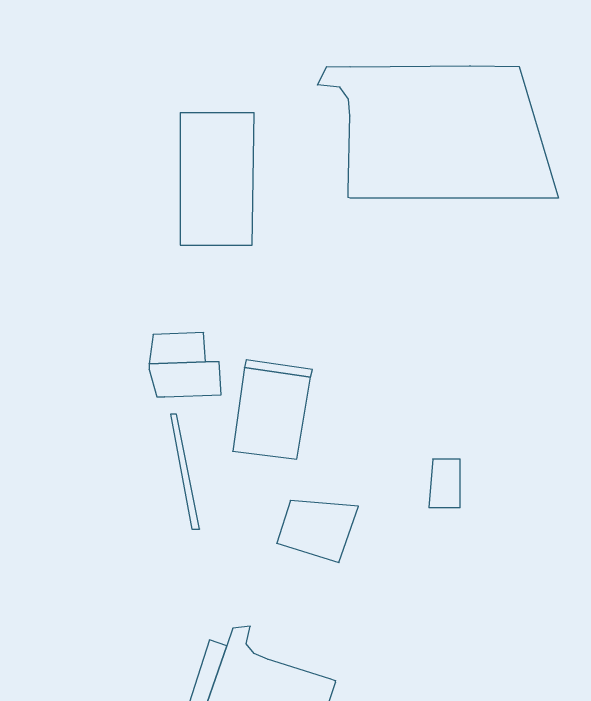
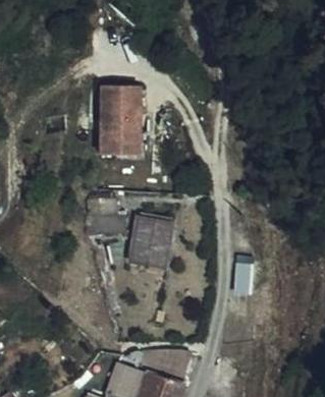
building: [317,66,558,198] -> none
building: [277,500,358,563] -> [148,347,191,380]

